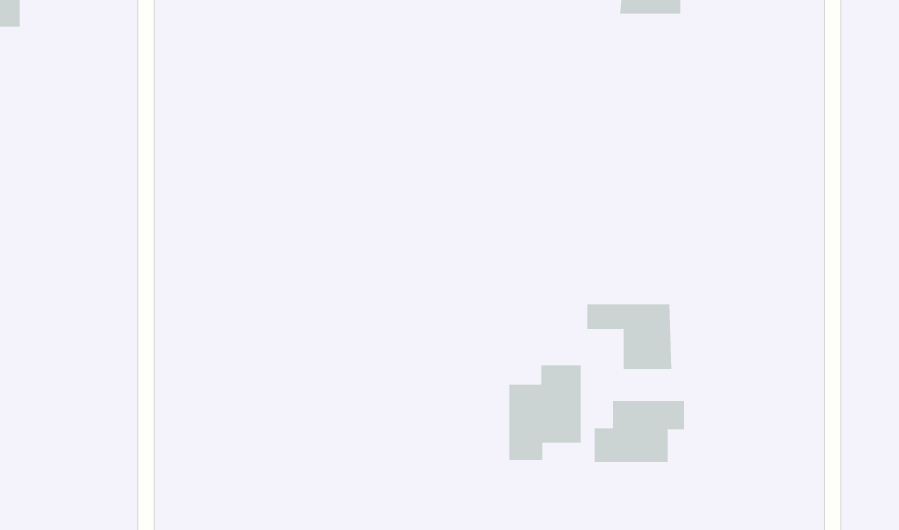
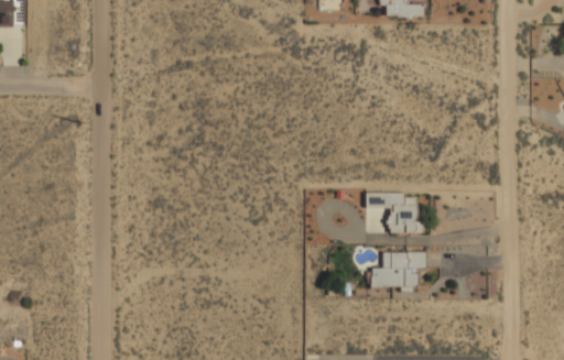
building: [509,365,581,461] -> none

